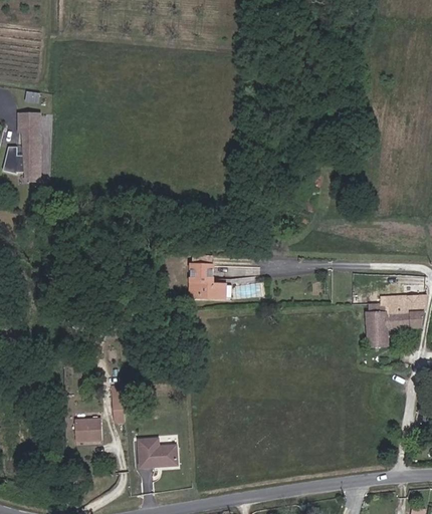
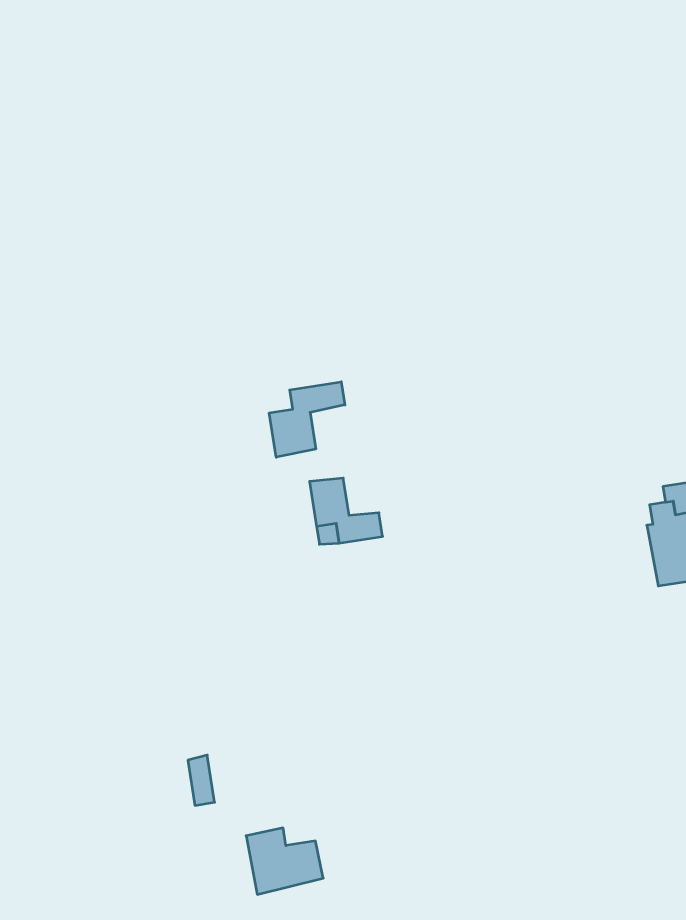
building: none -> [269,382,345,457]
building: [78,416,104,438] -> none

